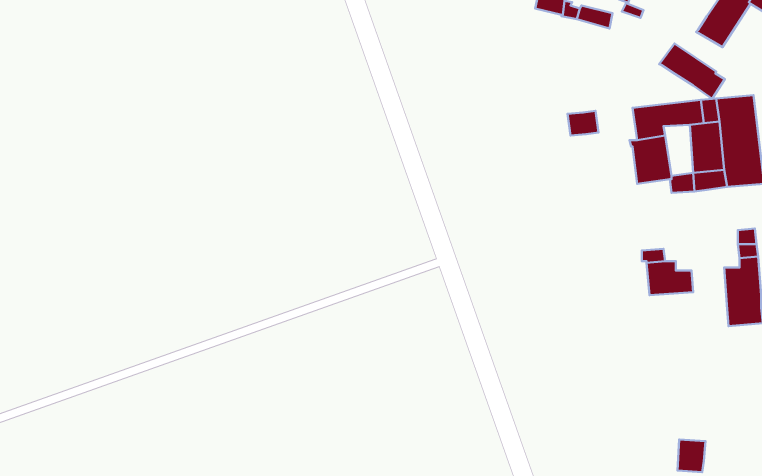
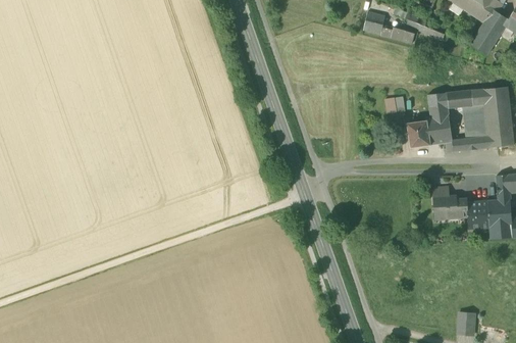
building: [659,44,725,99] -> none
building: none -> [407,120,430,148]
building: none -> [466,200,489,230]

